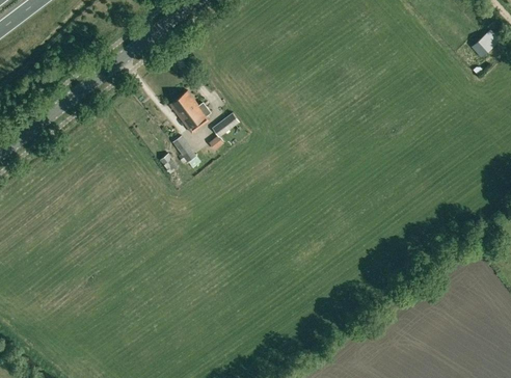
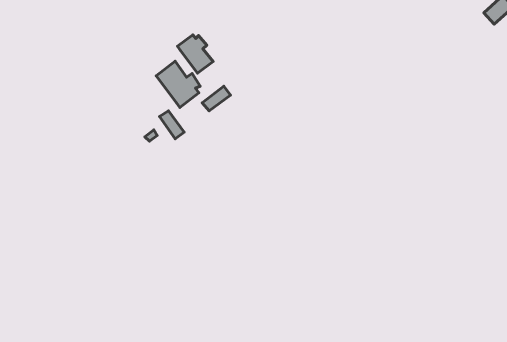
building: none -> [177,35,213,73]

